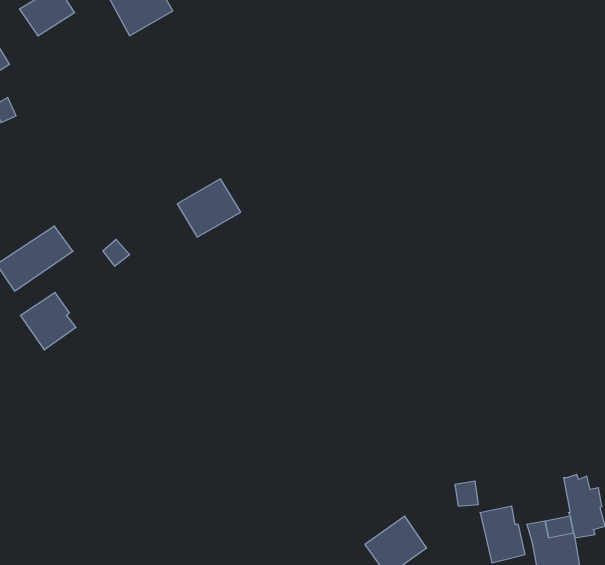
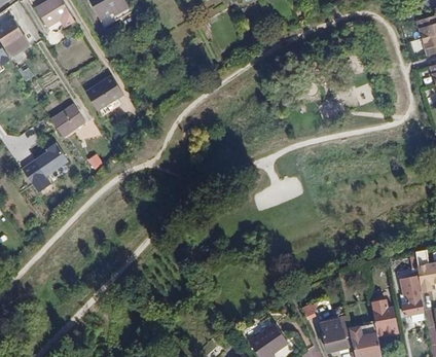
building: none -> [50,104,85,137]
building: [177,179,241,237] -> [86,76,125,112]
building: [21,292,76,350] -> none

